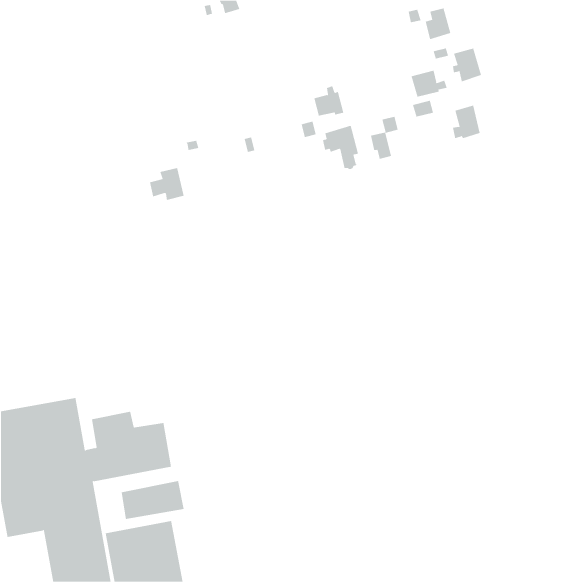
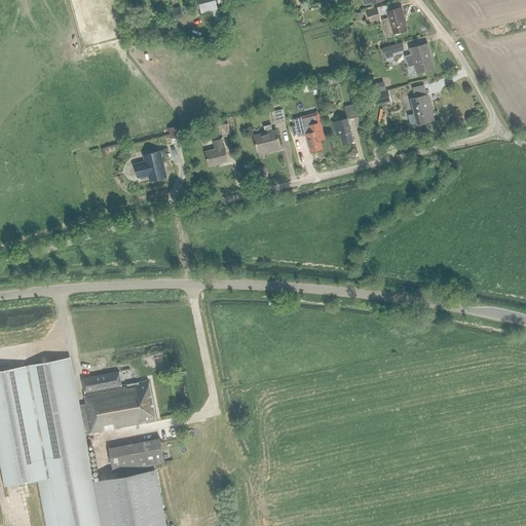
building: [411,70,447,98] -> none
building: [314,86,344,116] -> [253,125,280,153]
building: none -> [204,139,228,166]

